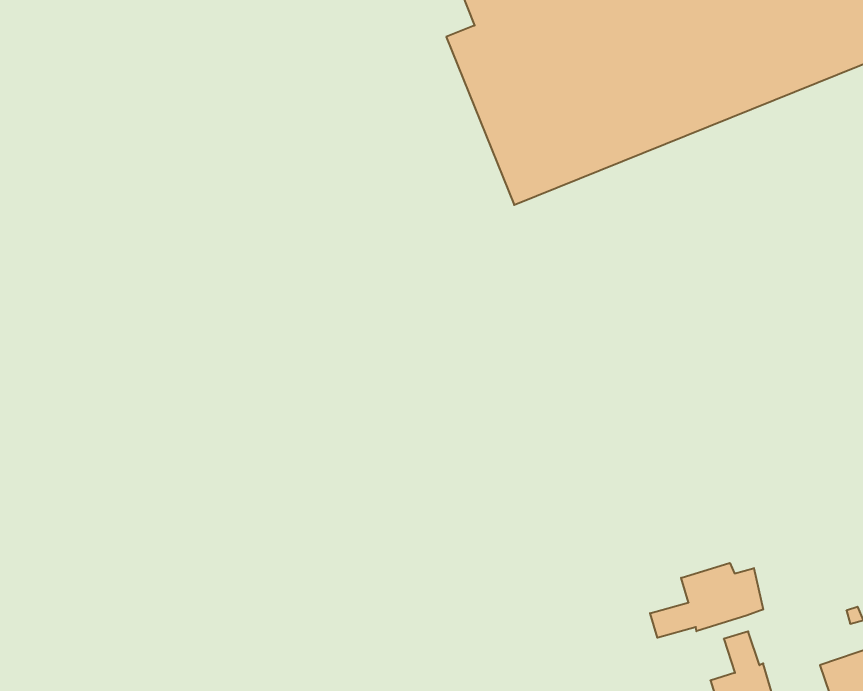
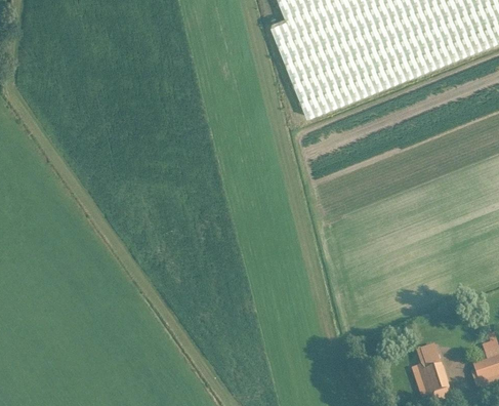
building: [650,563,763,638] -> none

